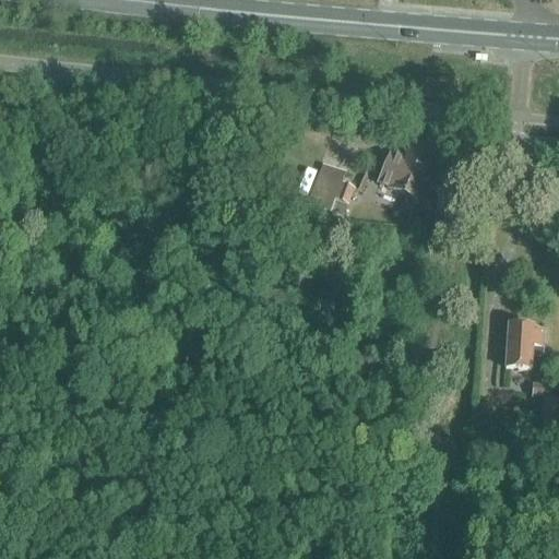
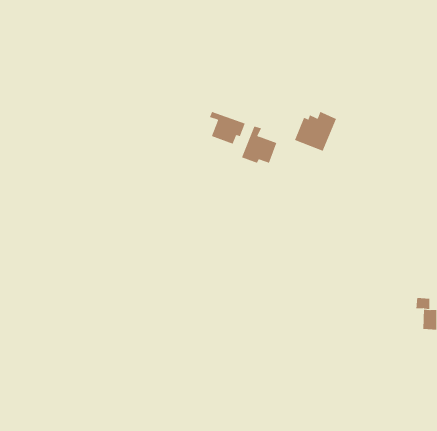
building: none -> [209,111,246,144]
building: [504,321,543,368] -> none

